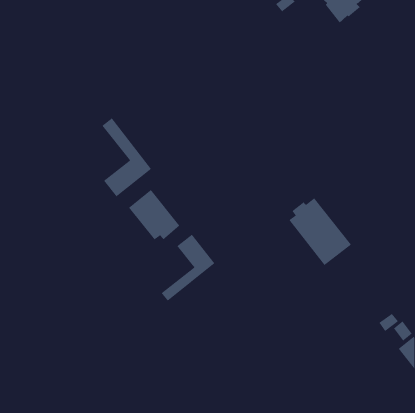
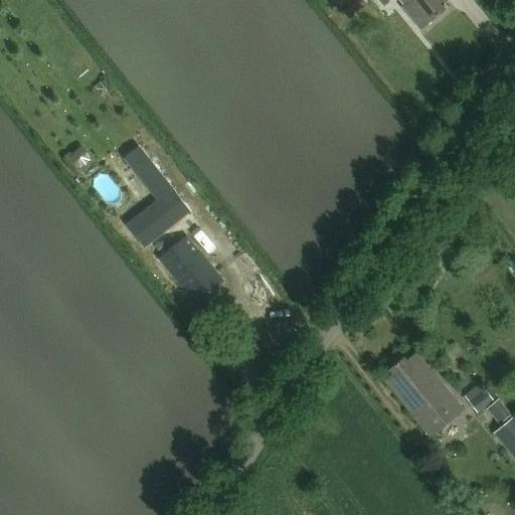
building: [288,198,352,266] -> [385,351,464,436]
building: [161,234,215,301] -> none

